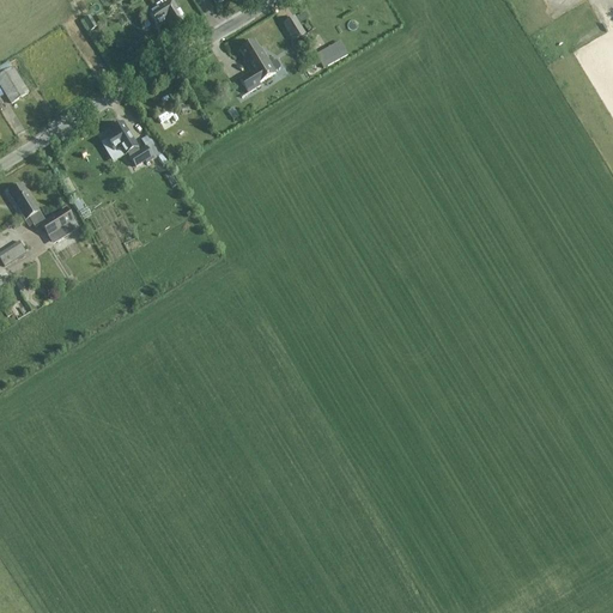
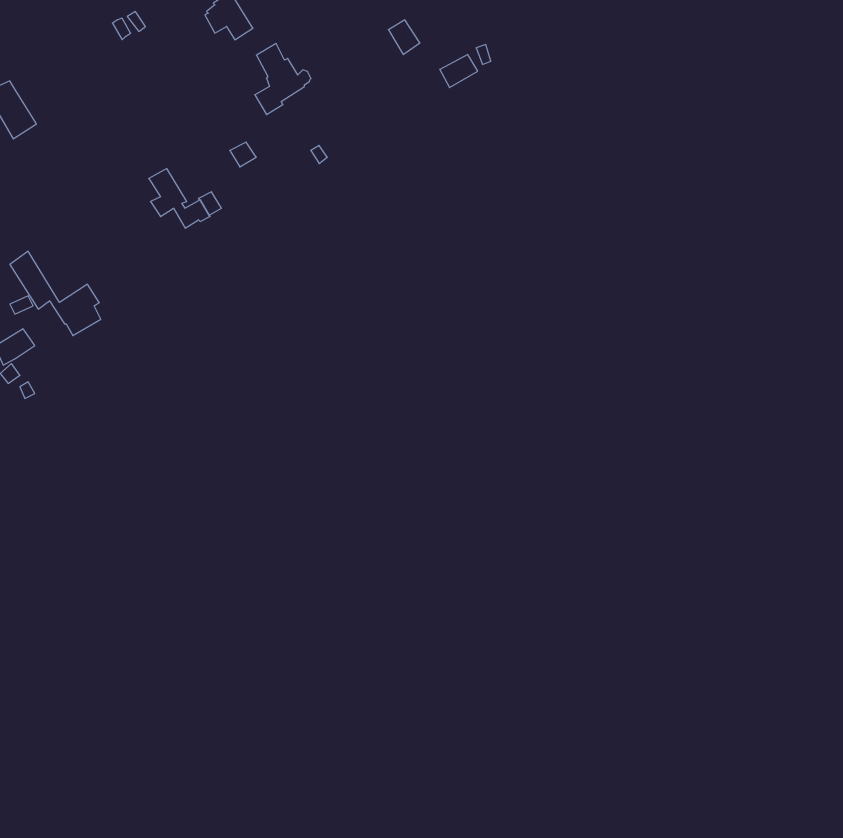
building: [237,40,278,91] -> [255,44,311,115]

